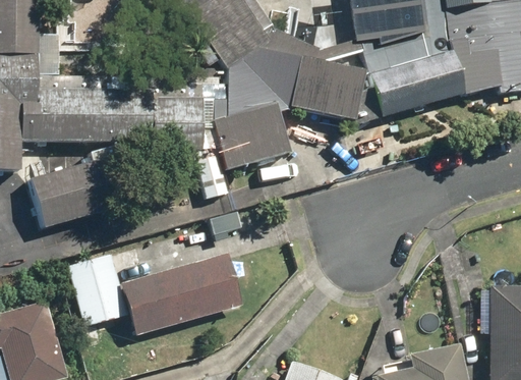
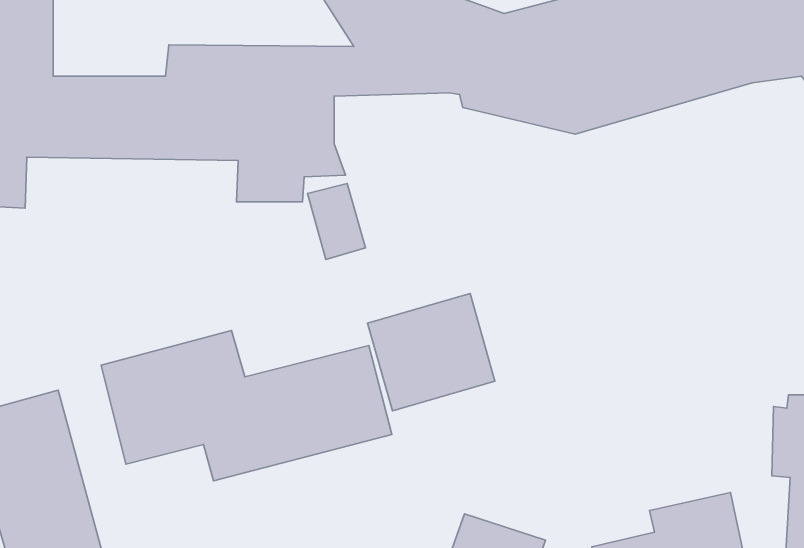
building: [215,101,293,173] -> [368,293,495,411]
building: [27,156,129,230] -> none

